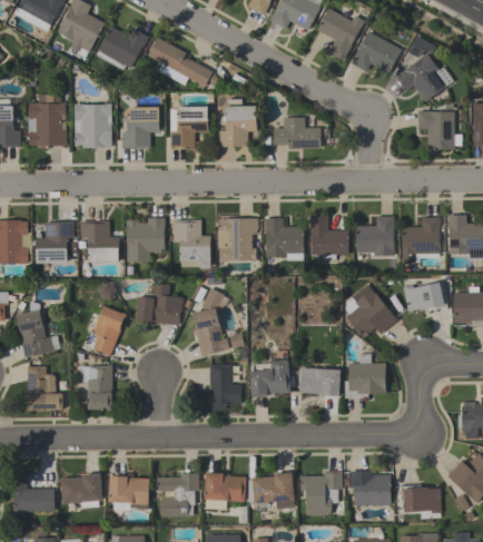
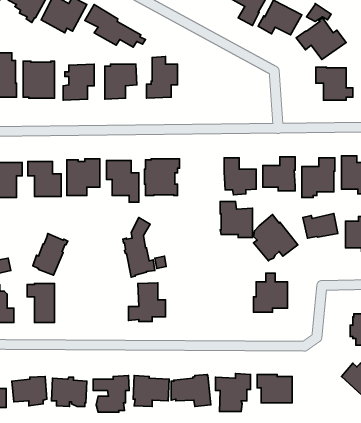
building: [274,117,321,148] -> none
building: [265,218,303,260] -> [220,201,253,237]
building: [136,283,183,325] -> none
building: [249,359,290,397] -> none
building: [299,361,339,397] -> none
building: [401,484,442,512] -> none

